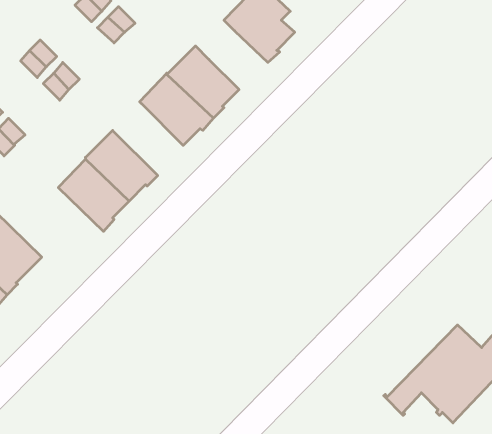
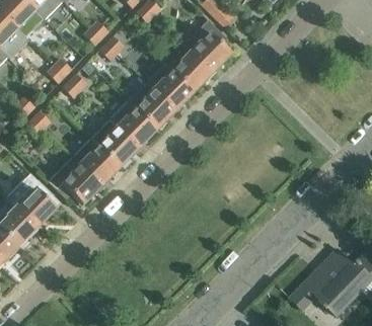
building: none -> [173,51,213,90]
building: none -> [109,99,156,148]
building: none -> [48,156,102,203]

